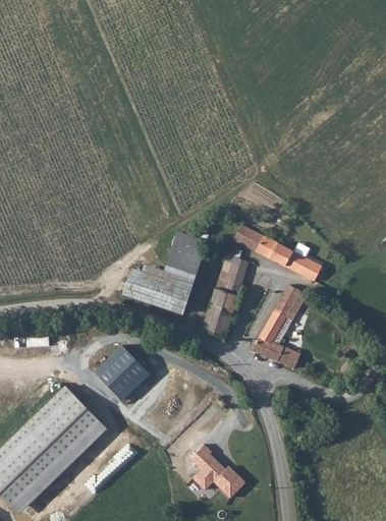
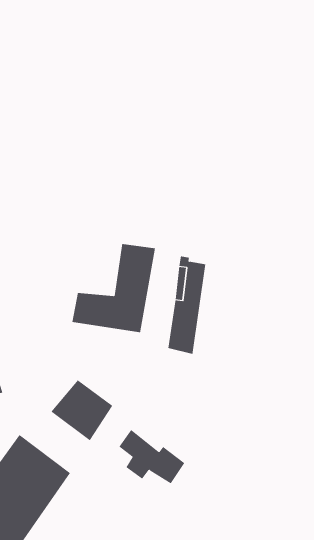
building: [234,225,323,281] -> none
building: [254,286,307,369] -> none
building: [189,445,245,499] -> [119,429,185,484]

